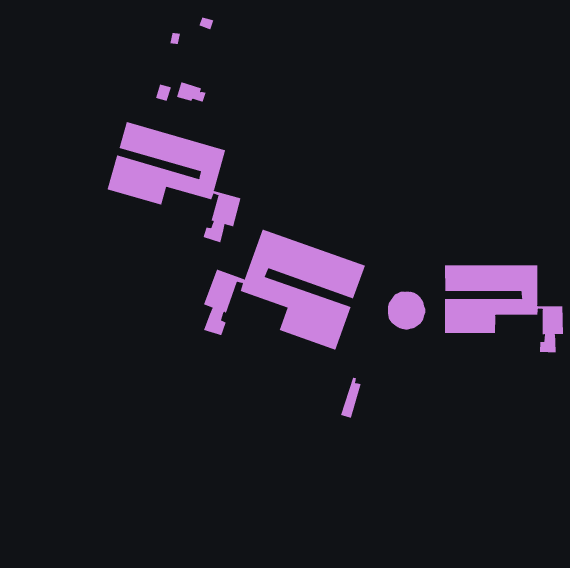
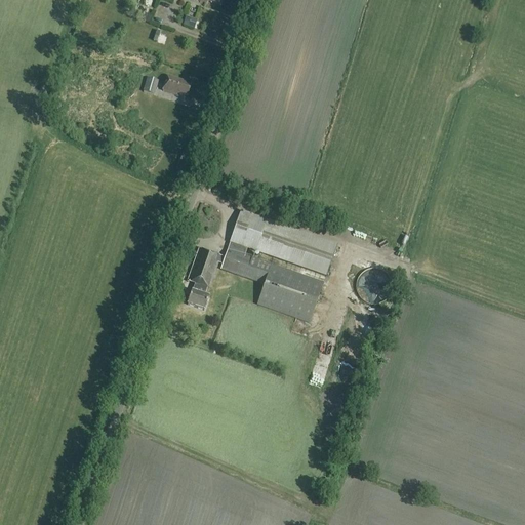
building: [107,121,241,243] -> none
building: [444,265,564,353] -> none

